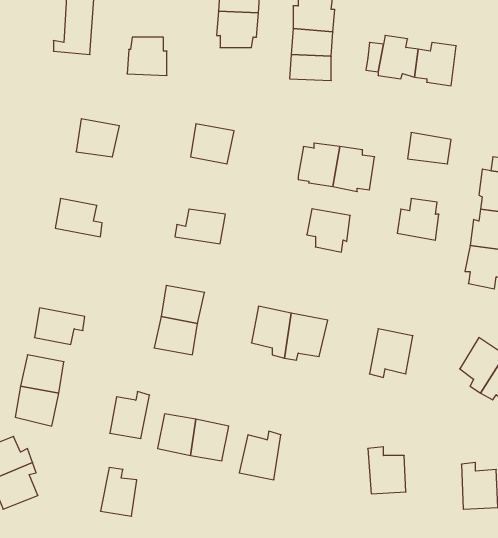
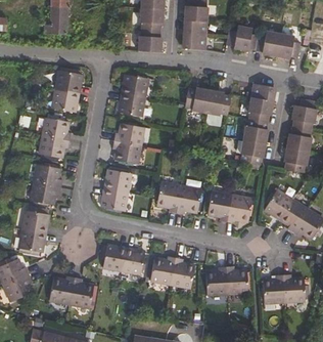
building: [127,37,167,75] -> [137,30,160,52]
building: none -> [276,29,299,55]
building: none -> [51,91,77,114]
building: none -> [119,94,144,117]
building: none -> [248,95,274,121]
building: [307,209,350,252] -> [241,139,267,165]
building: none -> [39,136,70,159]
building: none -> [112,141,140,165]
building: none -> [34,165,62,188]
building: none -> [265,190,292,219]
building: none -> [210,193,233,222]
building: [110,392,150,438] -> [51,275,75,303]
building: none -> [172,258,196,289]
building: none -> [207,266,229,294]
building: none -> [263,275,283,303]

